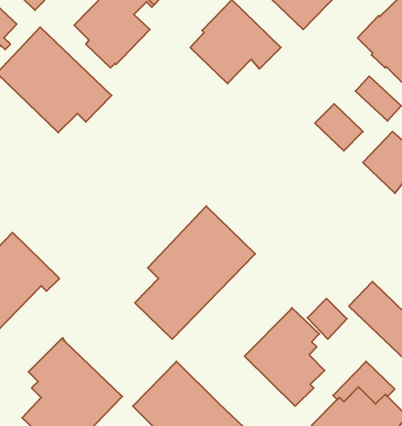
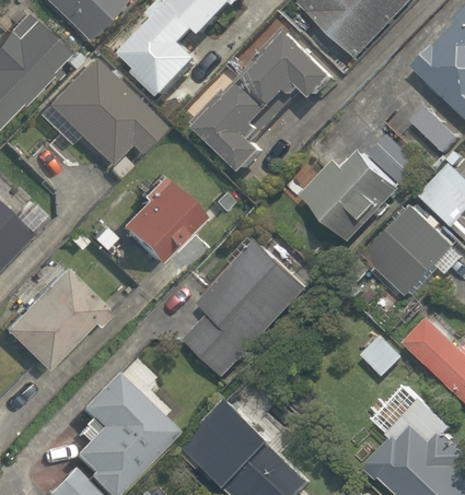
building: none -> [191,78,280,173]
building: none -> [302,152,400,241]
building: none -> [116,176,200,263]
building: none -> [364,207,454,296]
building: [245,308,325,406] -> none

